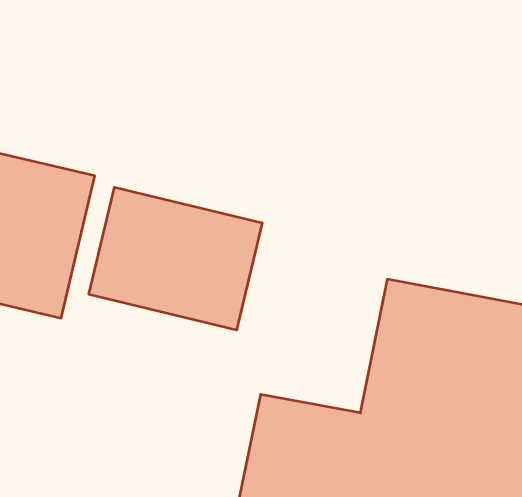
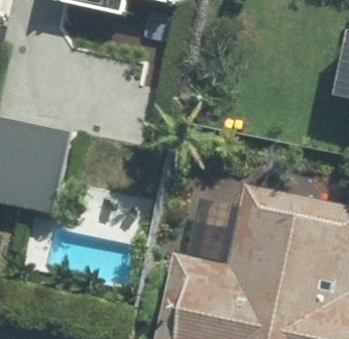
building: [89,187,262,330] -> none

